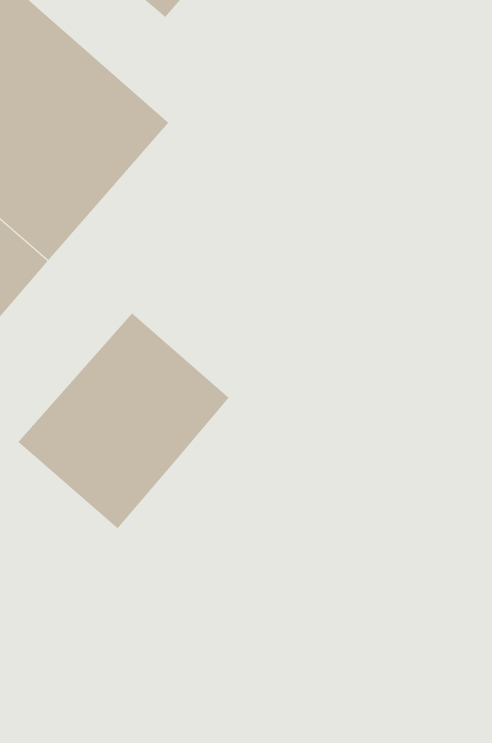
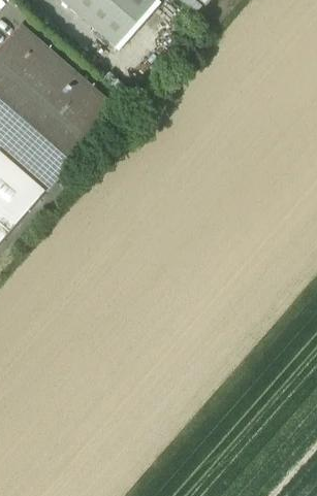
building: [17,312,230,529] -> none

